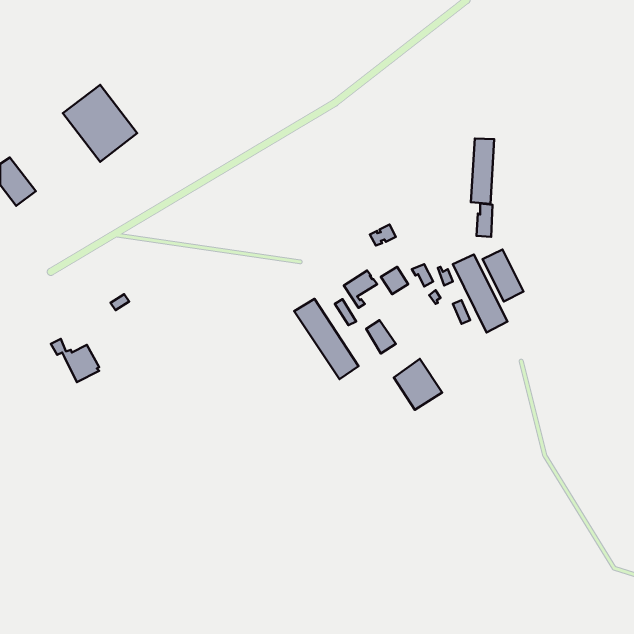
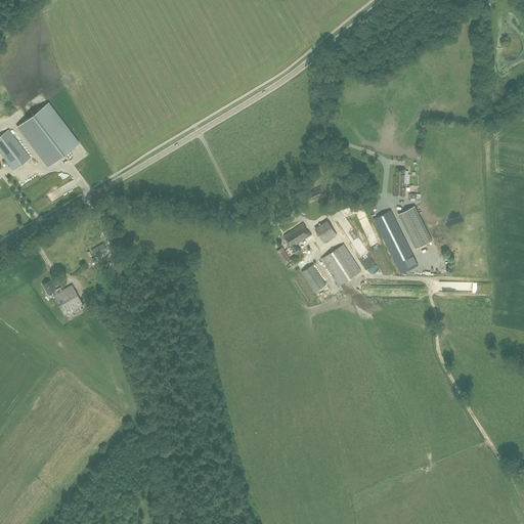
building: [63,85,137,162] -> [16,103,78,167]
building: [471,138,494,204] -> none
building: [294,299,359,379] -> none
building: [394,359,442,410] -> [321,244,361,286]

